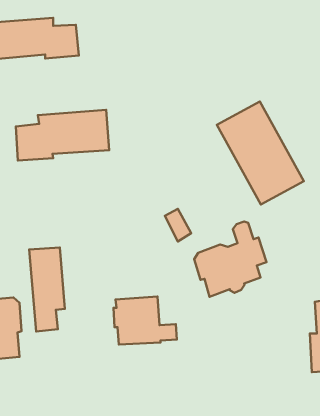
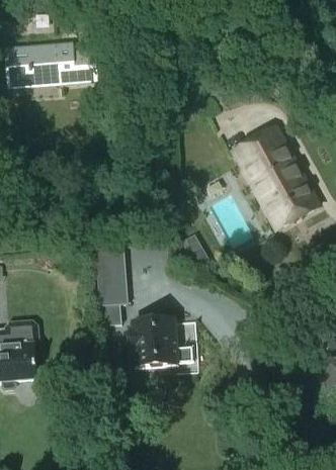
building: [16,110,109,160] -> none
building: [194,221,266,297] -> none
building: [29,248,65,331] -> [94,243,130,325]

